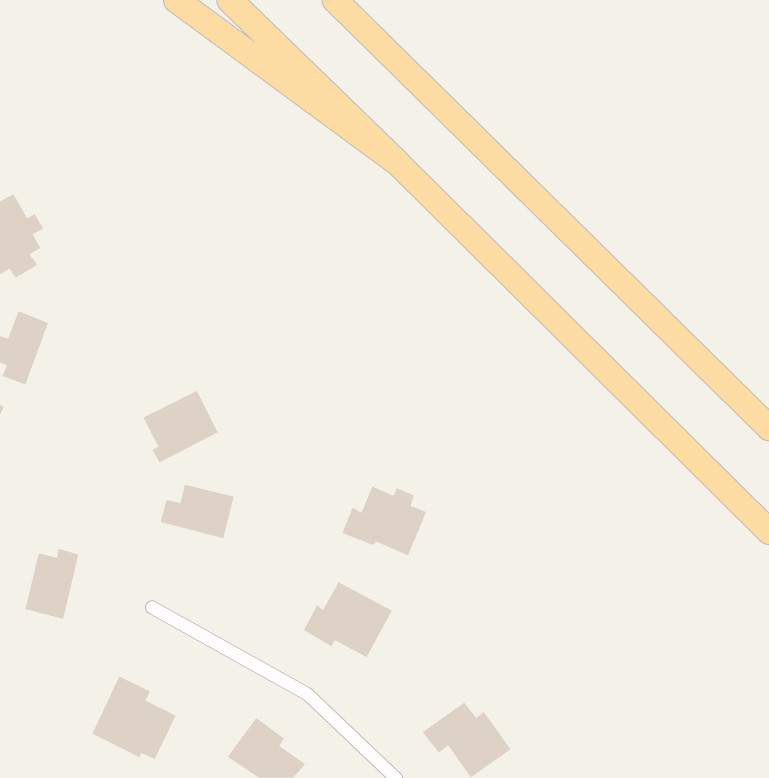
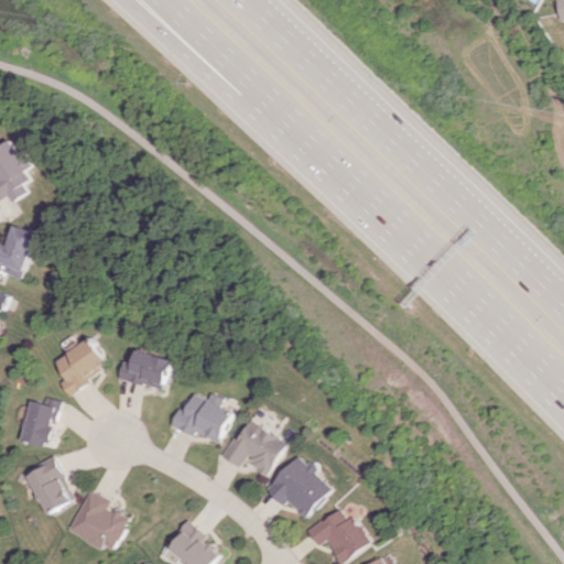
building: [142,390,218,463] -> [52,338,107,391]
building: [341,486,427,556] -> [167,392,229,443]
building: none -> [264,455,330,518]
building: none -> [23,458,74,514]

